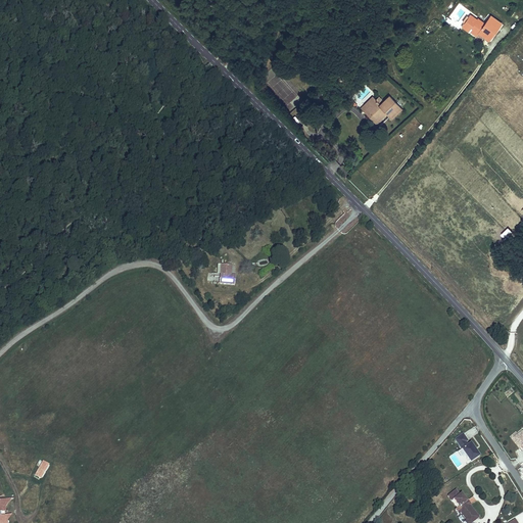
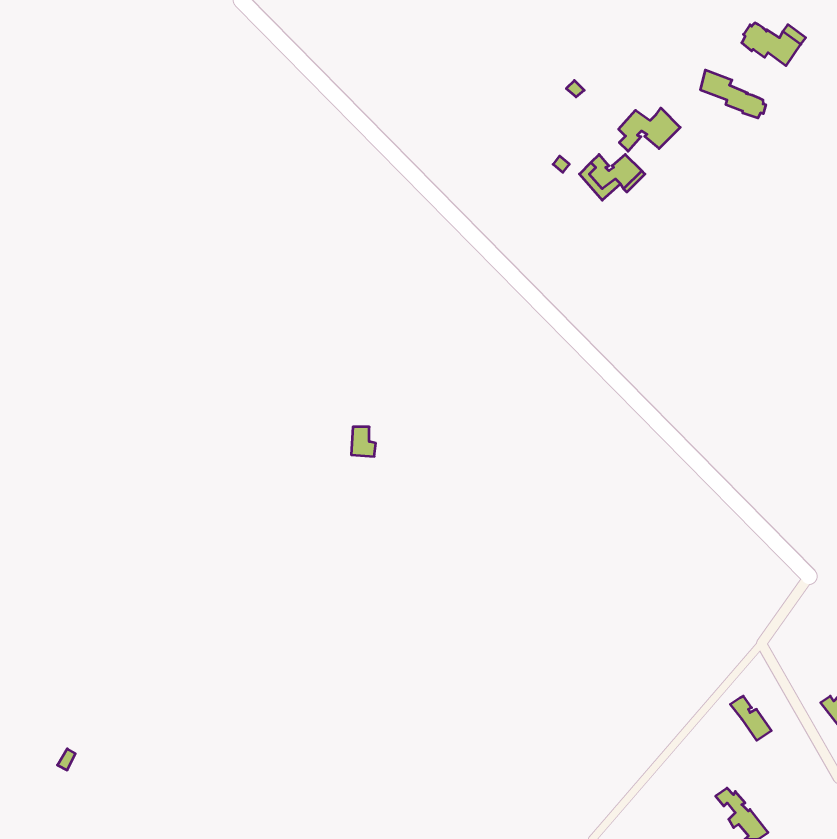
building: none -> [701,70,766,118]
building: none -> [619,108,680,151]

